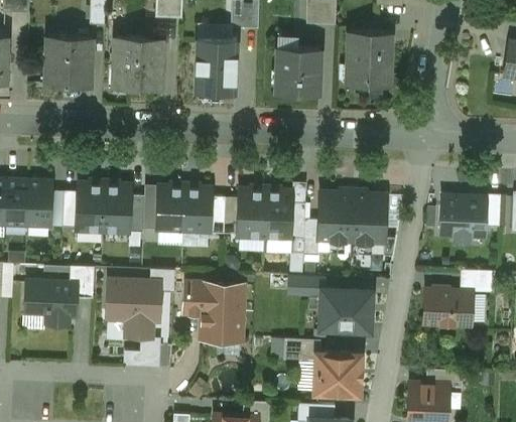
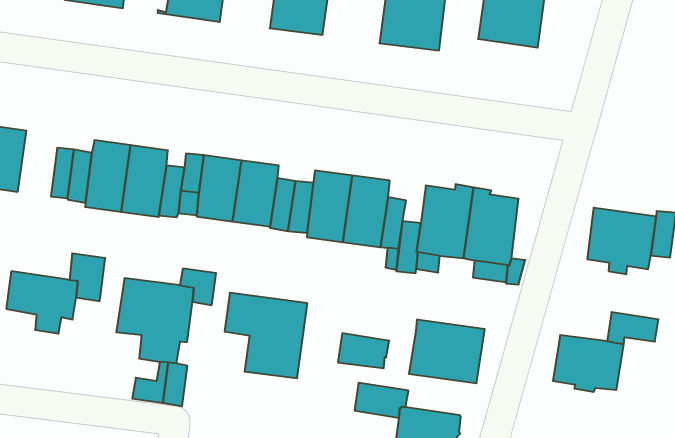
building: [26,180,51,226] -> none
building: [288,274,324,296] -> [338,333,389,368]

